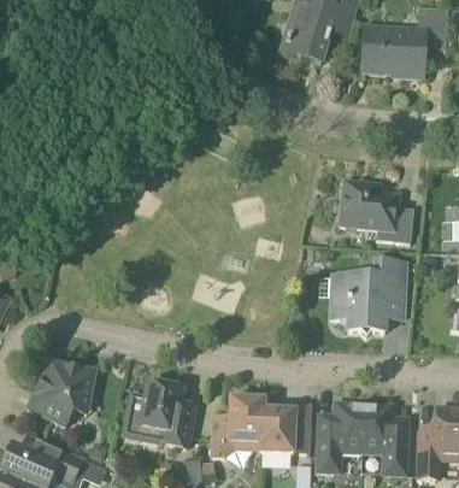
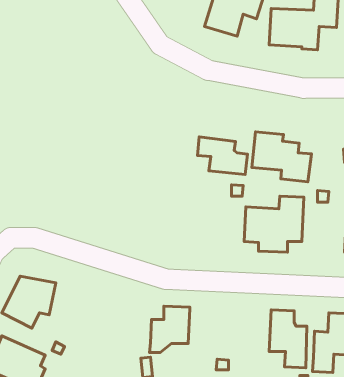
building: none -> [197,137,247,175]
building: [120,381,195,447] -> none
building: [260,401,308,452] -> none
building: [316,401,364,472] -> none

